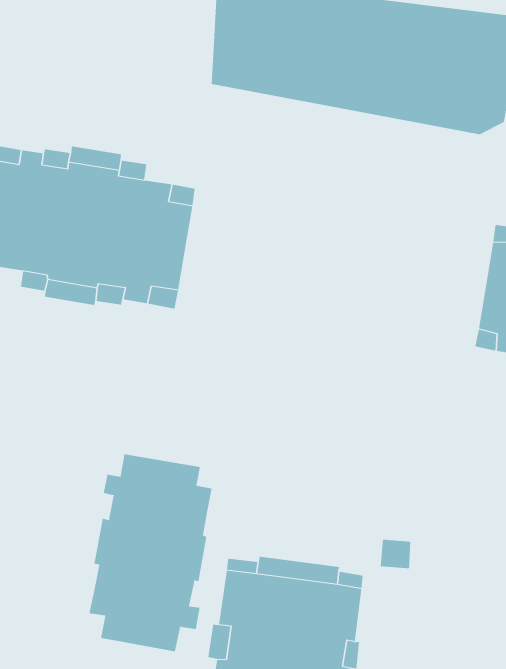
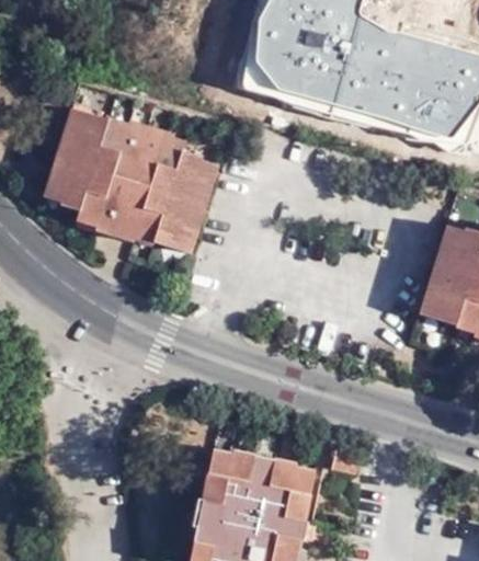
building: [89,453,212,652] -> none

